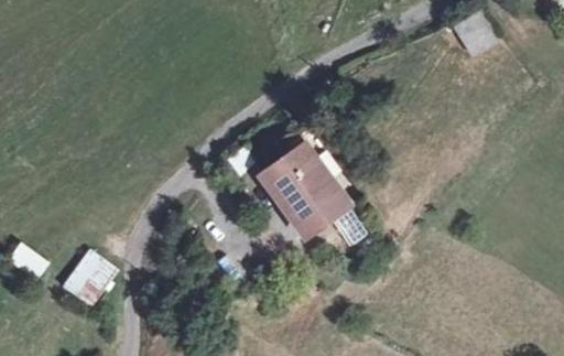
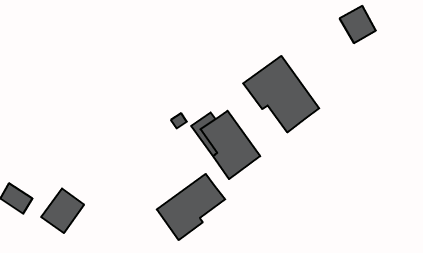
building: none -> [243,56,319,132]
building: none -> [157,174,225,240]

